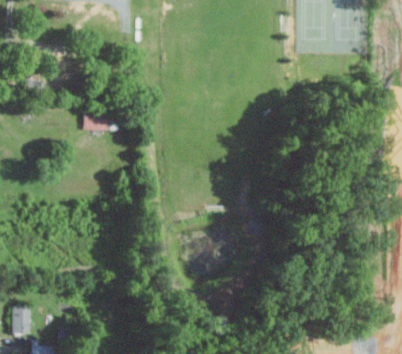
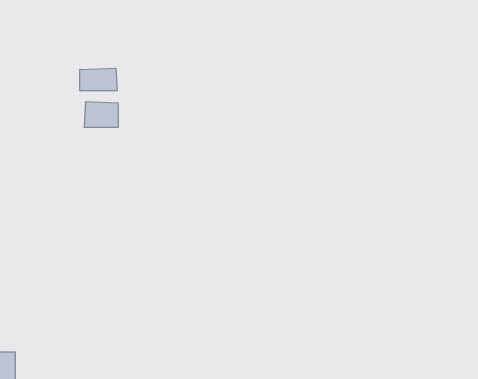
building: none -> [80,68,117,91]

